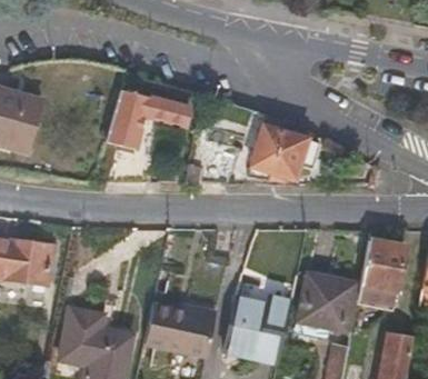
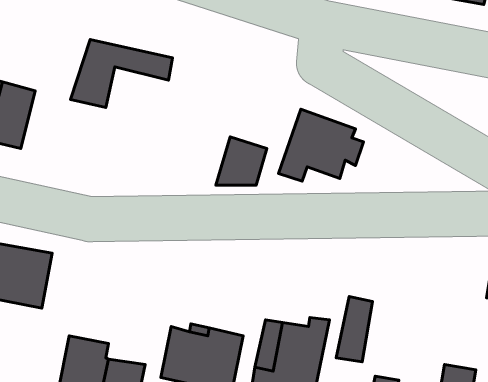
building: [101,92,188,150] -> [70,39,172,108]
building: [358,236,405,303] -> none
building: [317,280,354,337] -> none

